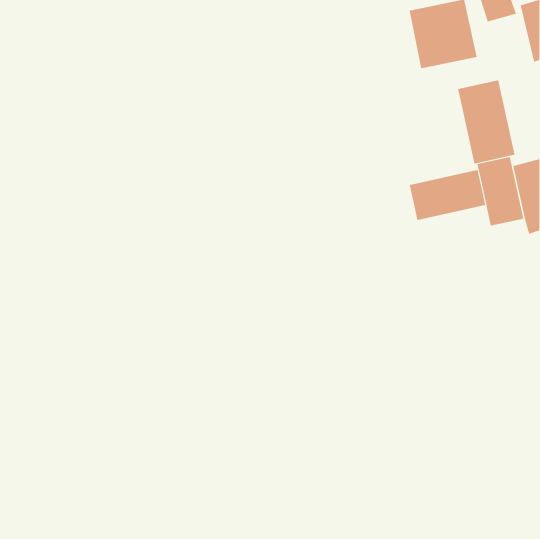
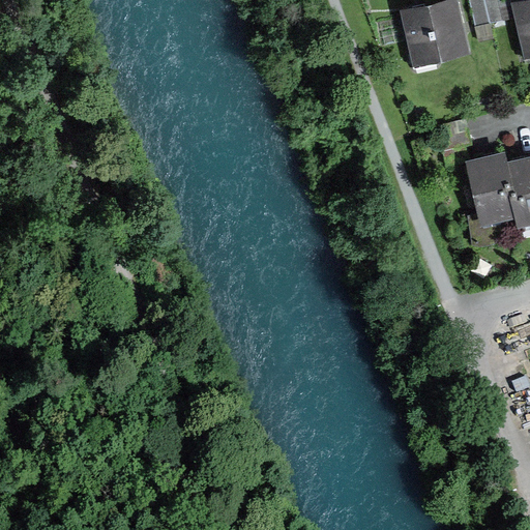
building: [458,80,515,164] -> none
building: [409,169,486,221] -> none

